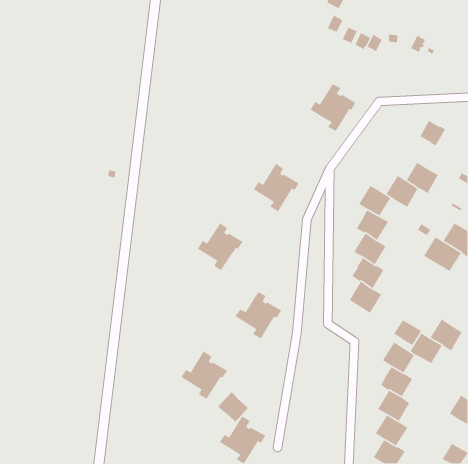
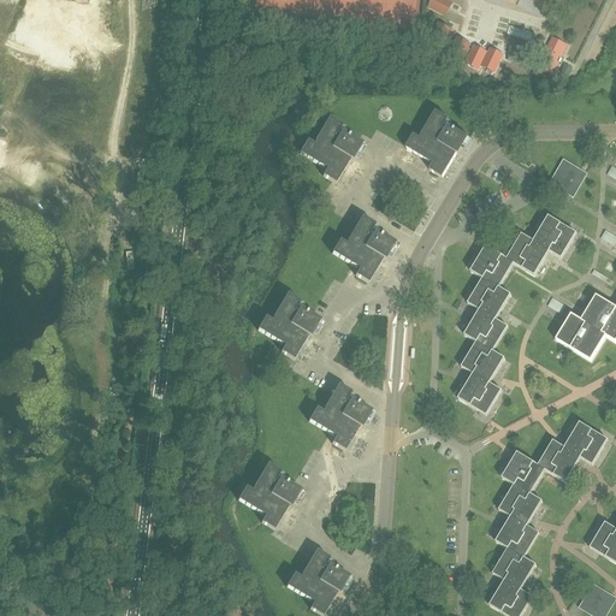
building: none -> [300,114,362,179]
building: [393,319,422,346] -> none
building: [217,392,249,422] -> none

